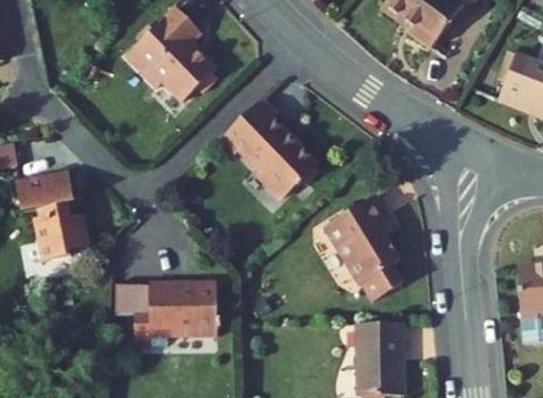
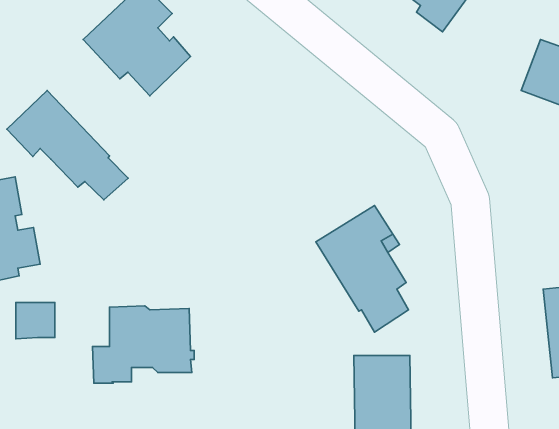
building: [221,98,317,198] -> none
building: none -> [7,91,128,200]
building: [114,285,147,316] -> [16,302,55,339]

